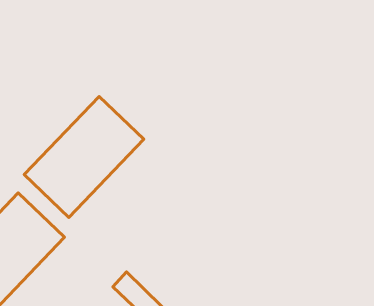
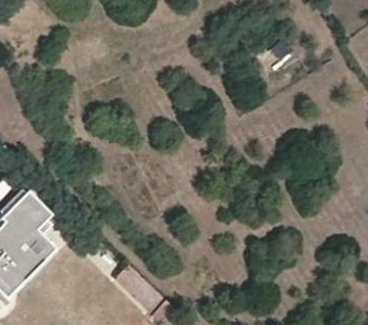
building: [24,96,144,218] -> none

